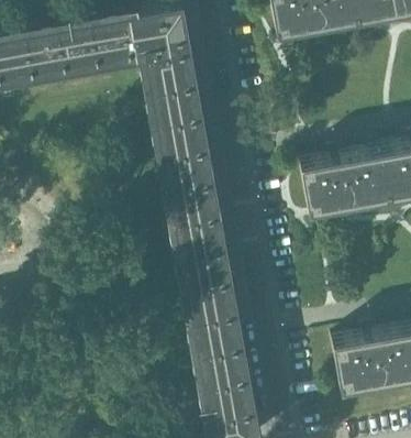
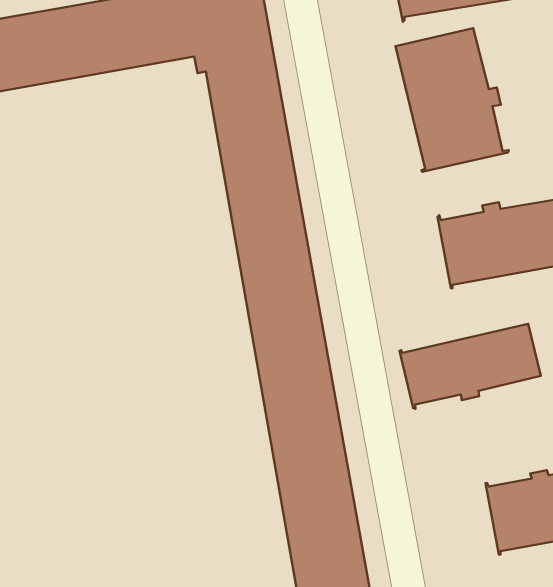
building: none -> [395,28,509,172]
building: none -> [400,324,541,409]

